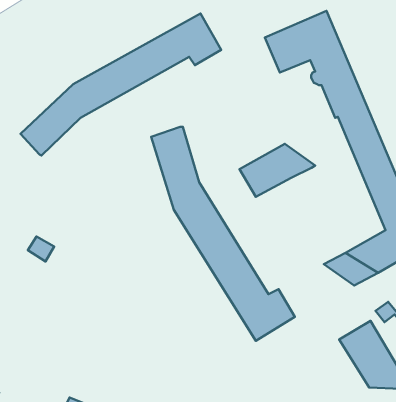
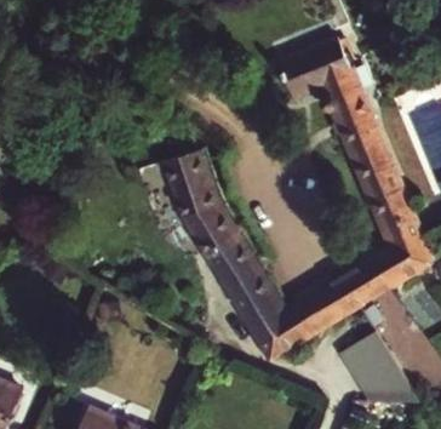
building: [21,13,221,156] -> none
building: [240,144,315,197] -> [291,281,363,332]

